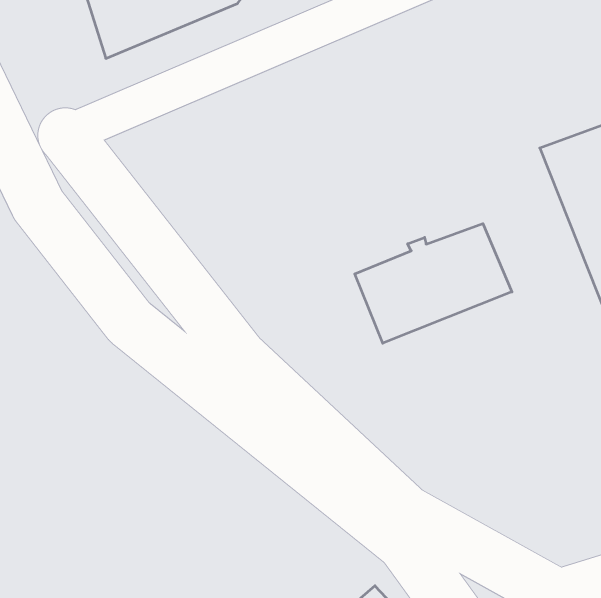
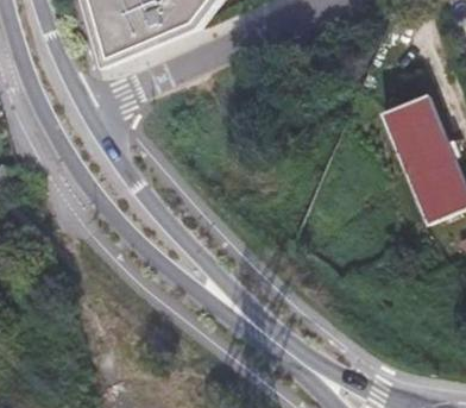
building: [355,224,512,343] -> none

